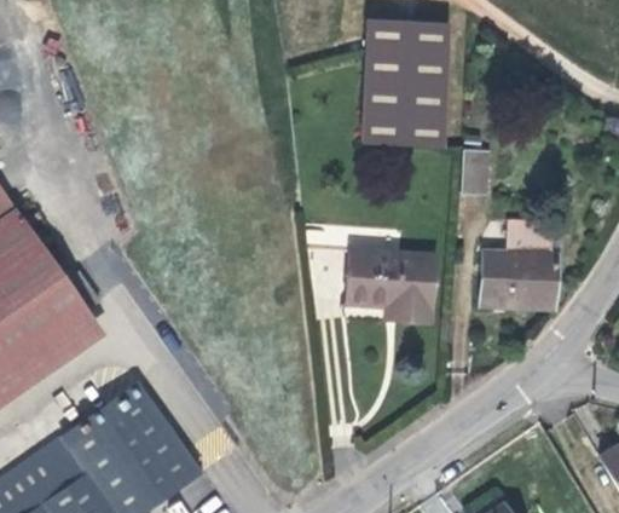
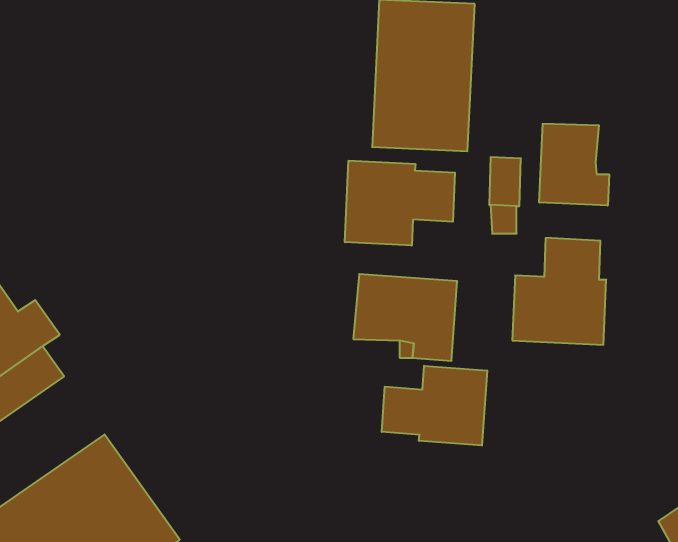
building: none -> [539,124,609,206]
building: none -> [345,161,455,246]
building: none -> [382,366,487,446]

